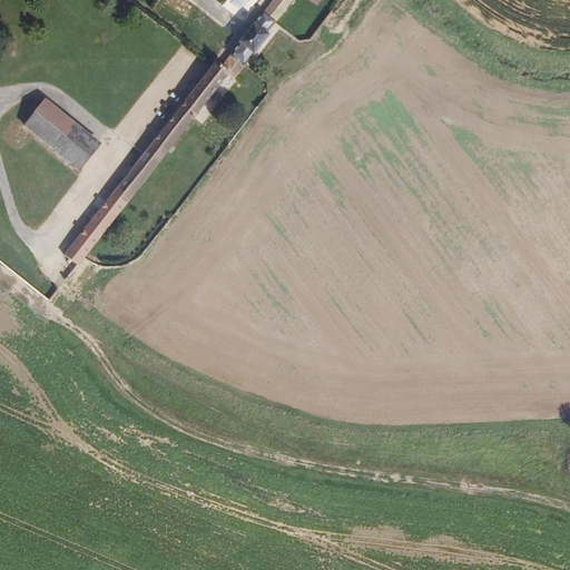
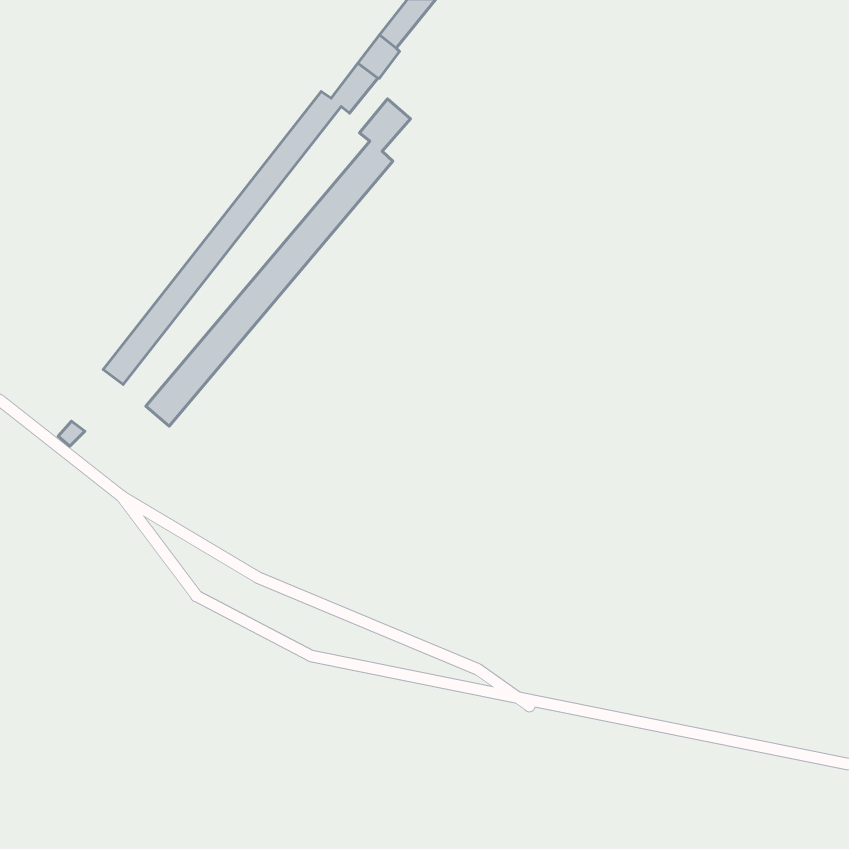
building: none -> [146,99,411,426]
building: [24,100,98,167] -> none

